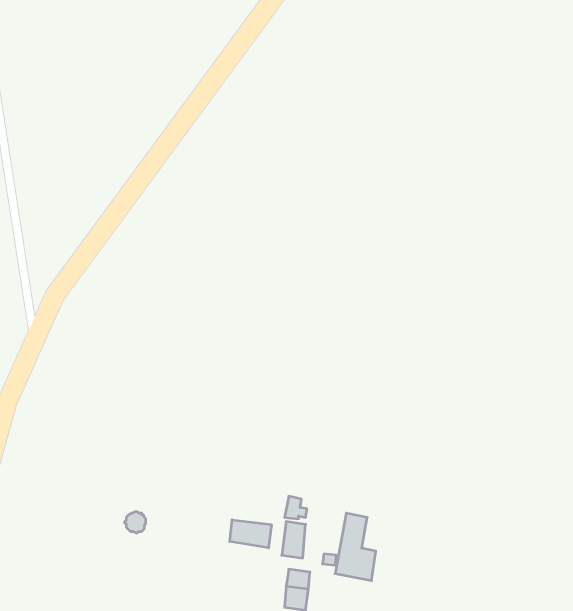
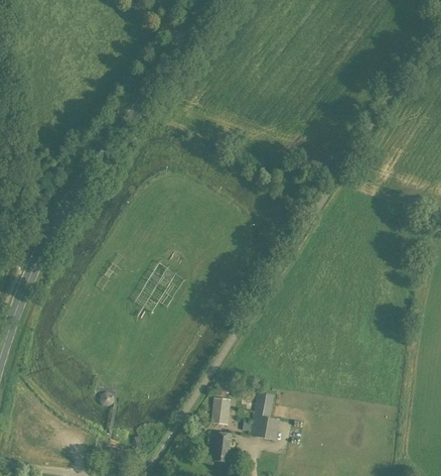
building: [230,520,271,548] -> none

